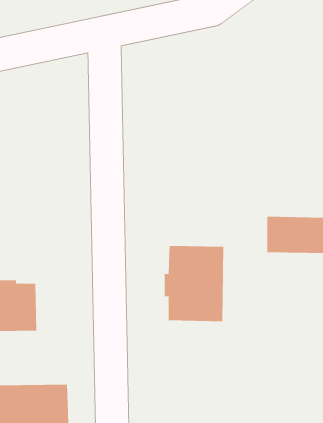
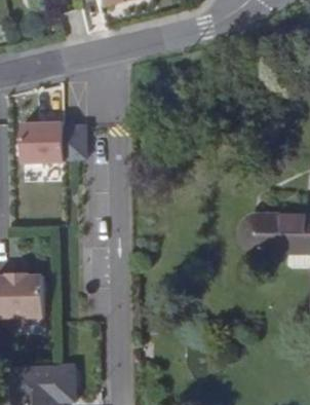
building: none -> [25,118,68,165]
building: [164,245,224,322] -> none

